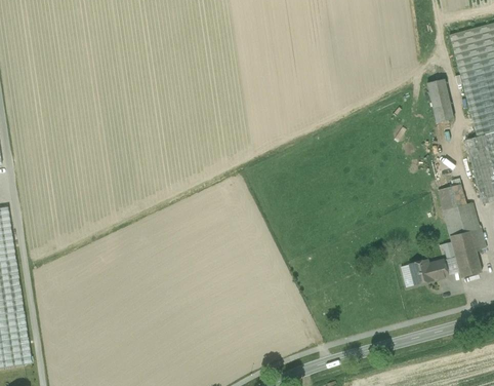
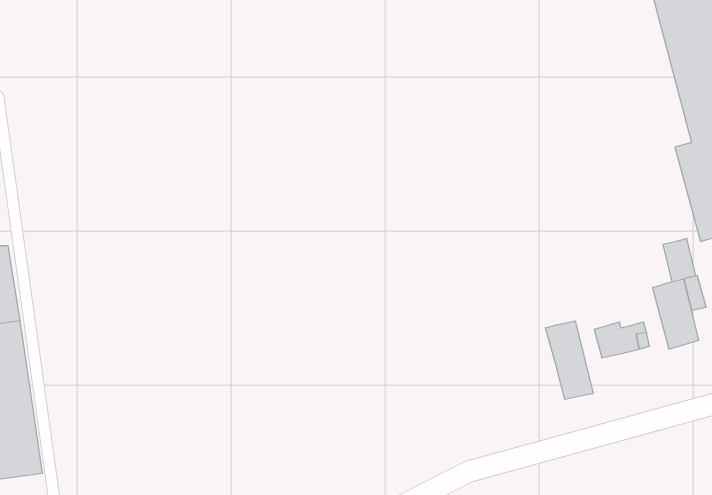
building: [427,79,454,123] -> none
building: [439,184,466,236] -> none
building: none -> [546,321,593,400]

